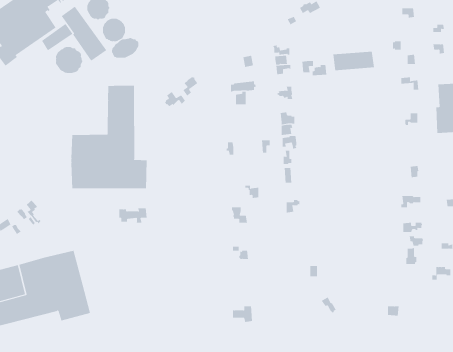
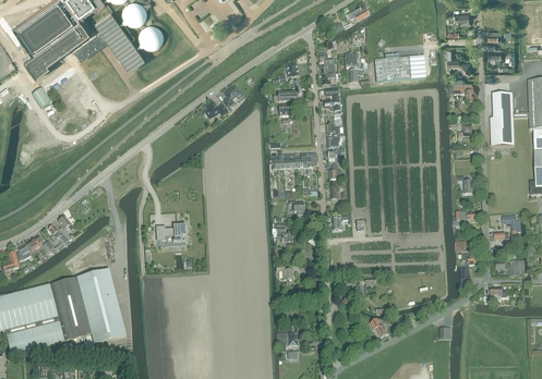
building: [111,37,139,59] -> none
building: [56,46,83,74] -> none
building: [71,85,147,189] -> none

